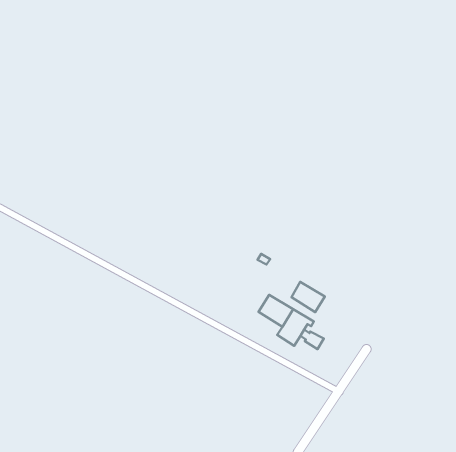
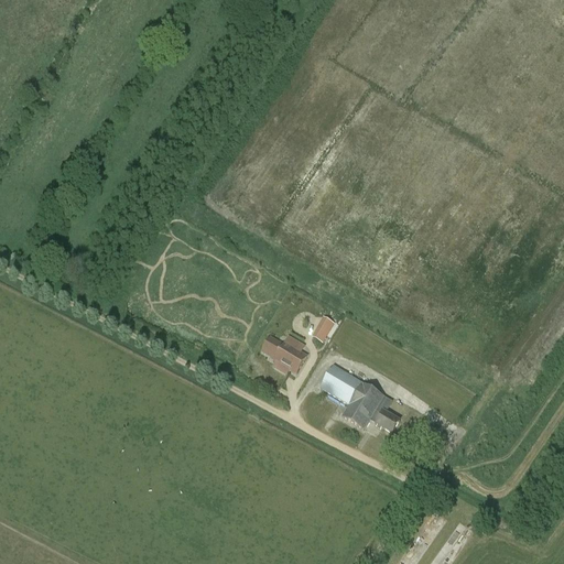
building: none -> [273,340,305,371]
building: [291,282,325,312] -> none

